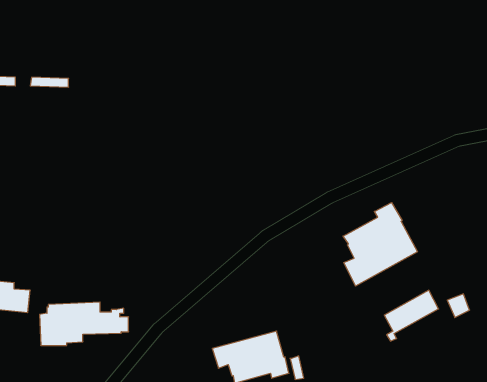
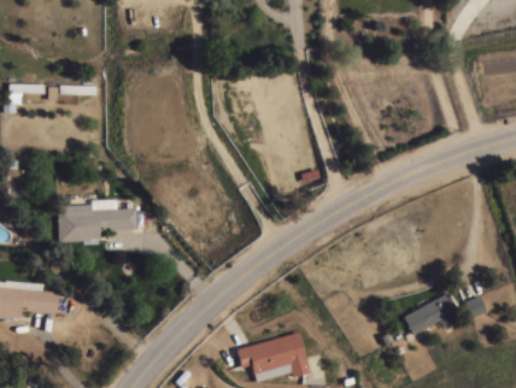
building: [343,203,417,286] -> none
building: [40,302,129,345] -> [58,200,145,242]

